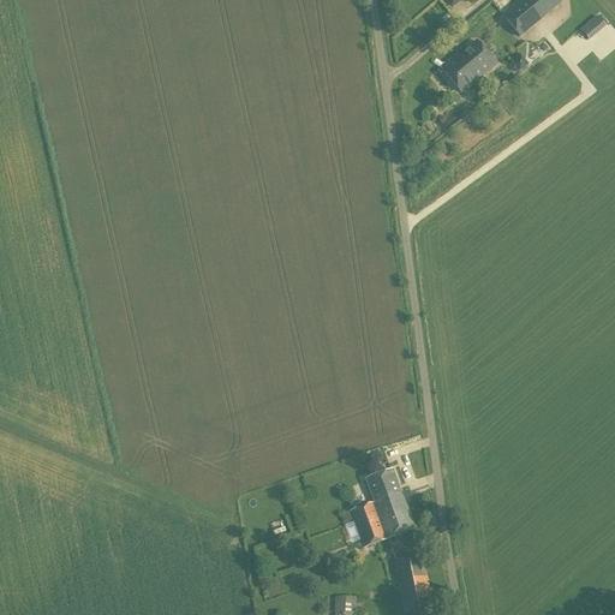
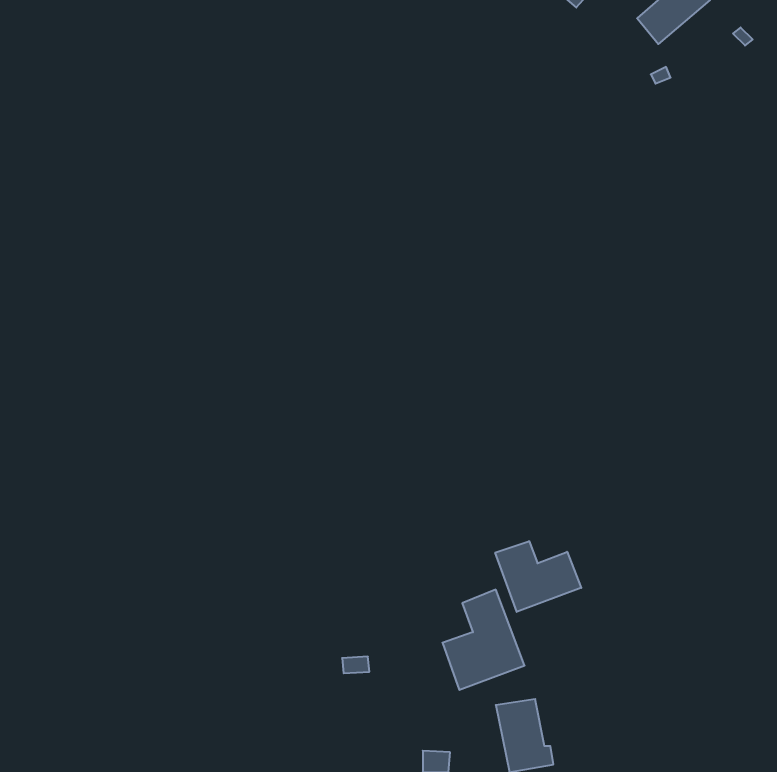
building: [442,38,495,89] -> none
building: none -> [495,541,581,612]

